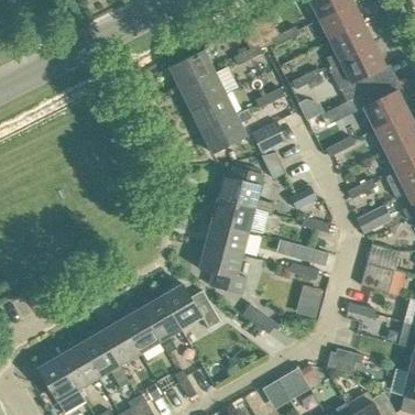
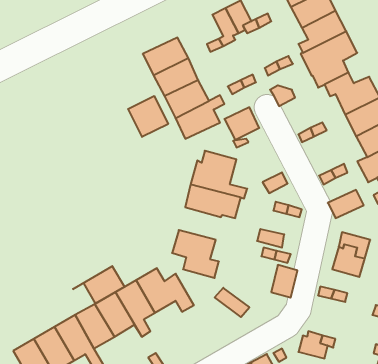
building: none -> [128,96,168,137]
building: [205,222,248,255] -> none
building: none -> [73,266,125,303]

